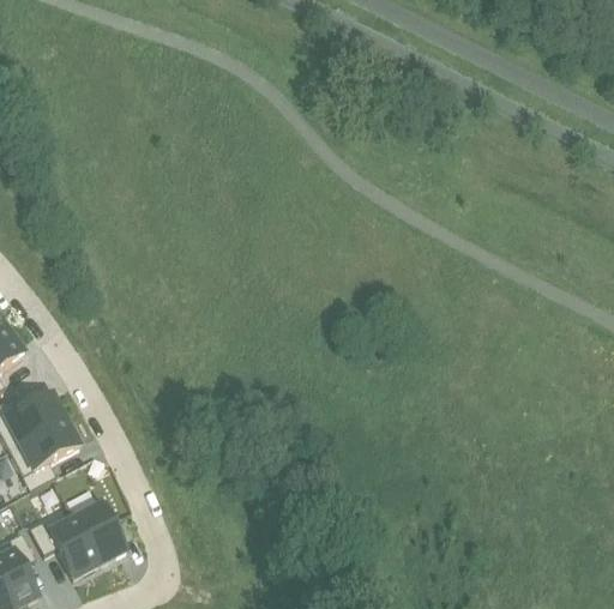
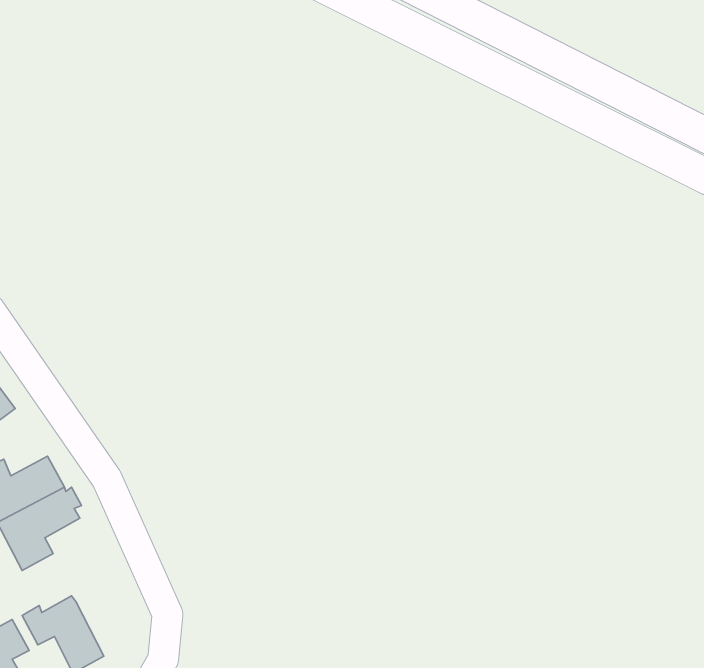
building: [74,501,125,561] -> none

